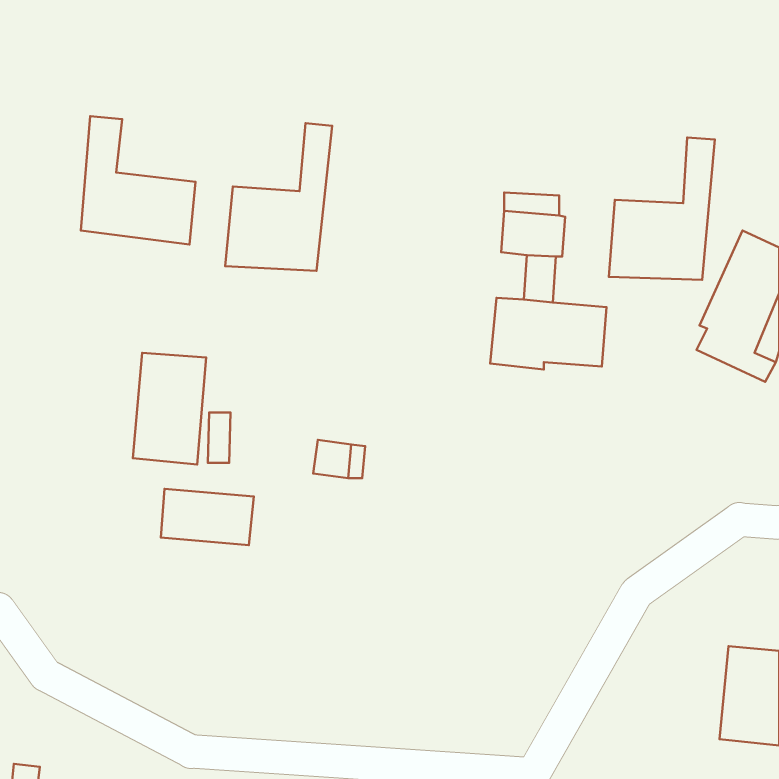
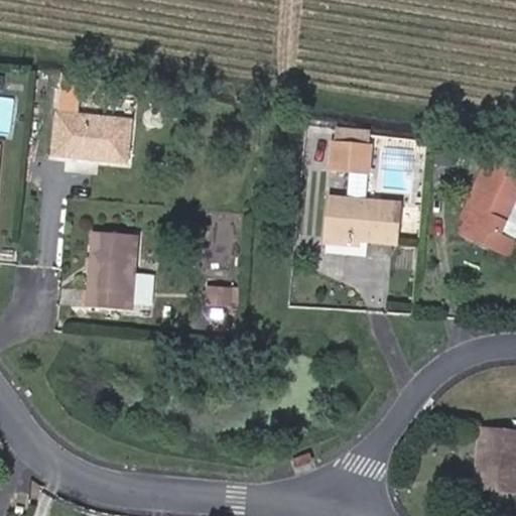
building: [225,123,332,271] -> none
building: [609,137,715,280] -> none
building: [161,489,254,545] -> none

